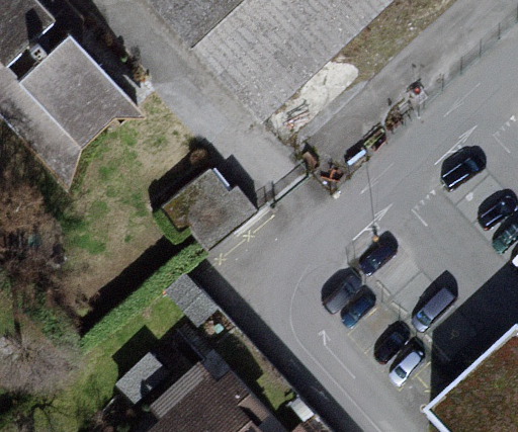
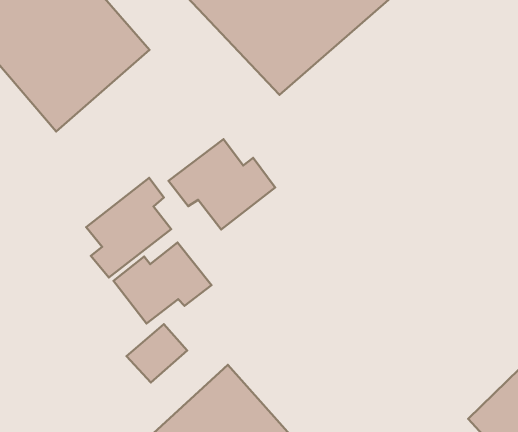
building: none -> [86,178,171,278]
building: none -> [114,243,212,324]

